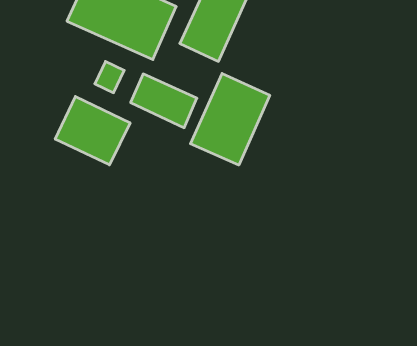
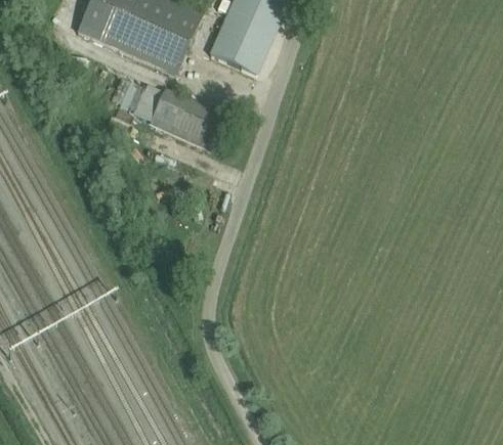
building: [190,73,270,165] -> none
building: [55,96,130,165] -> none

